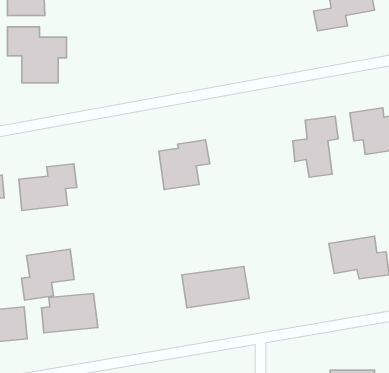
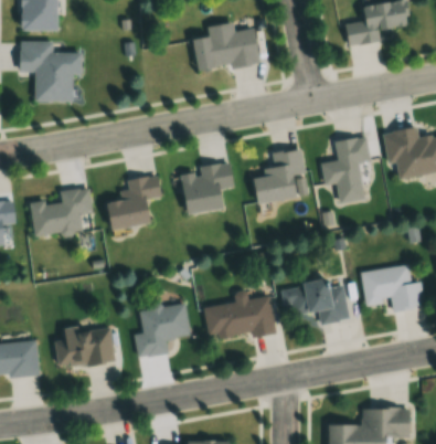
building: none -> [192,23,258,71]
building: none -> [252,148,306,202]
building: none -> [106,175,161,229]
building: none -> [281,276,350,323]
building: [21,249,74,300] -> [135,303,191,357]

